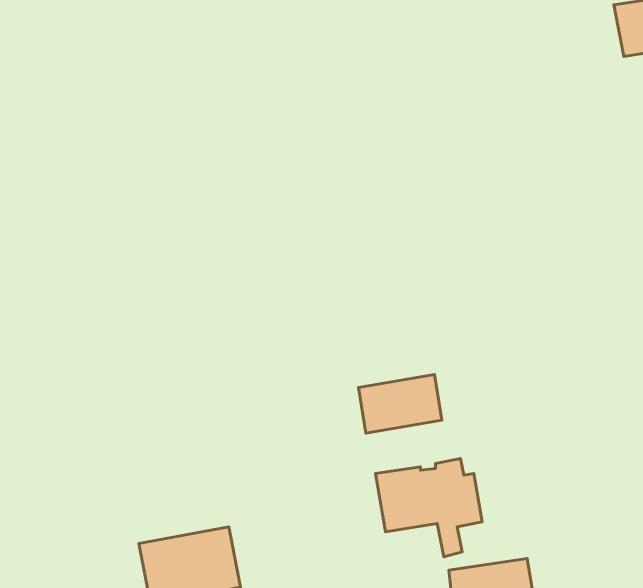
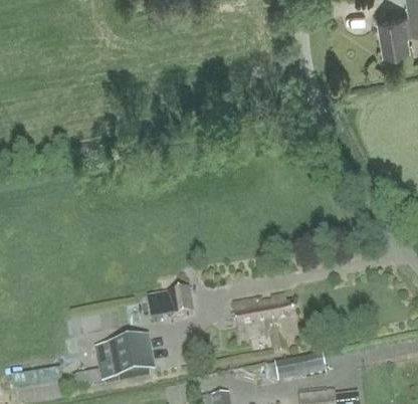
building: [358,374,442,433] -> none
building: none -> [148,285,195,318]

